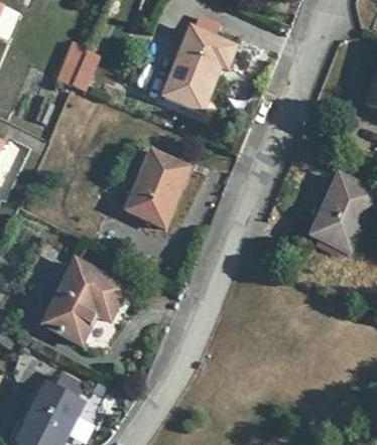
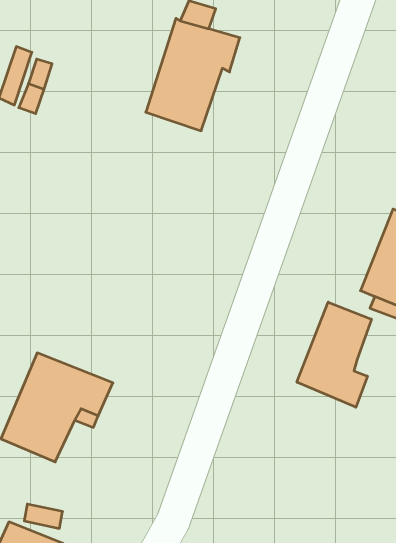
building: [124,151,187,225] -> none
building: none -> [297,302,371,407]

